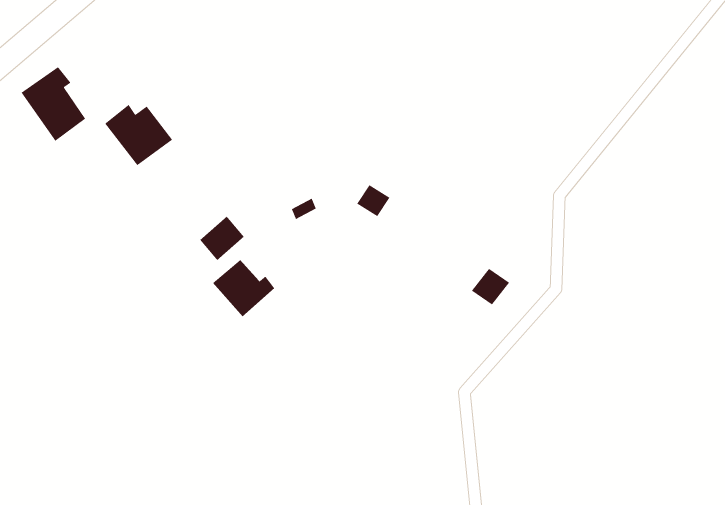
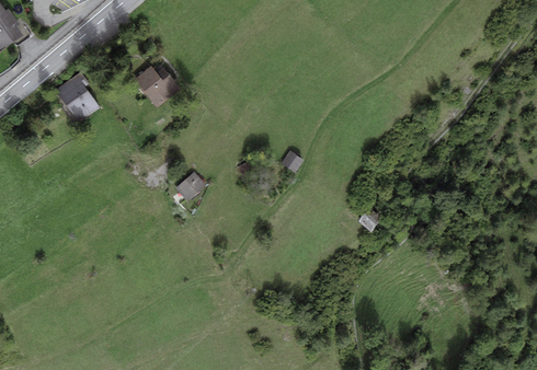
building: [104,104,173,166] -> [135,66,181,107]
building: [212,259,275,317] -> none

